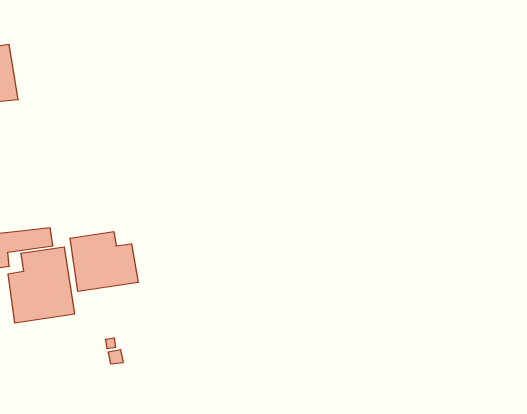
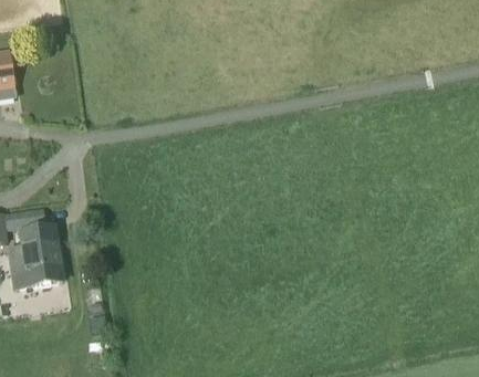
building: [70,232,138,291] -> none

